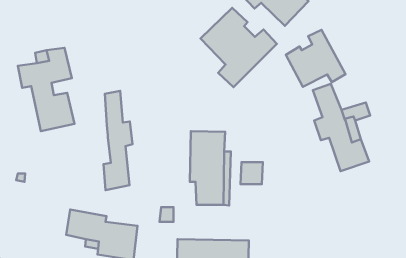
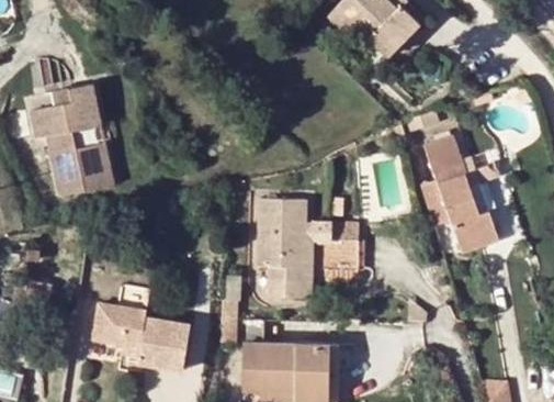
building: [201,8,277,87] -> none
building: [286,30,346,87] -> none
building: [103,91,132,190] -> none

